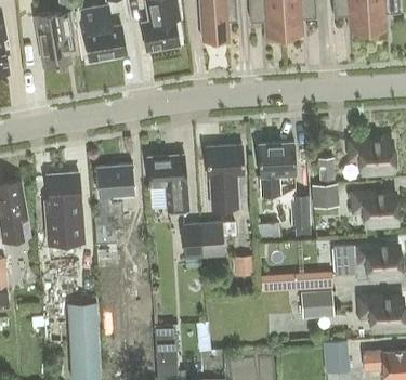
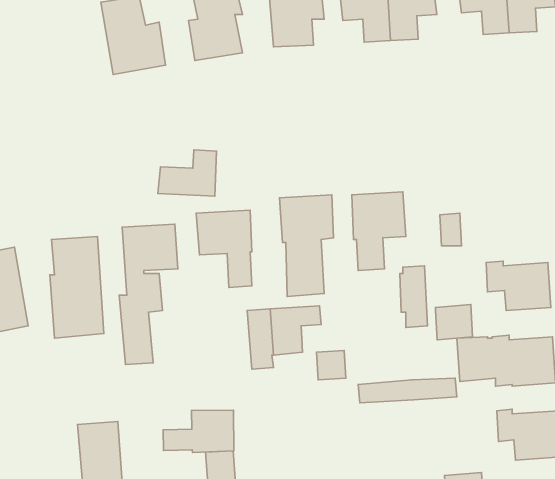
building: [35,14,71,68] -> none
building: none -> [158,150,217,196]
building: [348,139,392,174] -> none
building: [312,184,338,209] -> [436,304,473,340]
building: [300,290,332,318] -> none
building: none -> [163,410,234,452]

